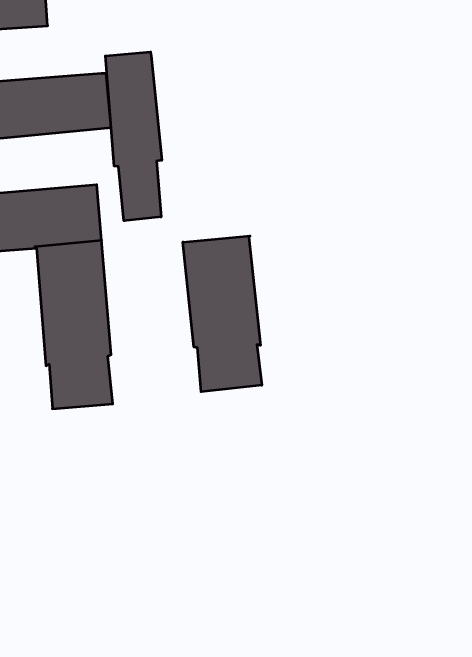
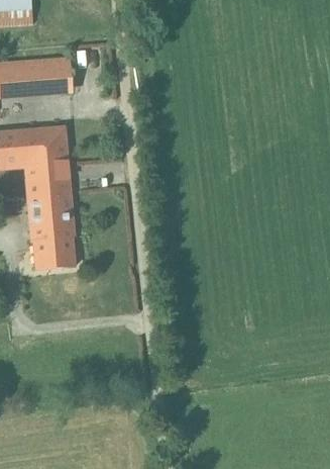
building: [105,52,162,221] -> none
building: [183,236,262,392] -> none

